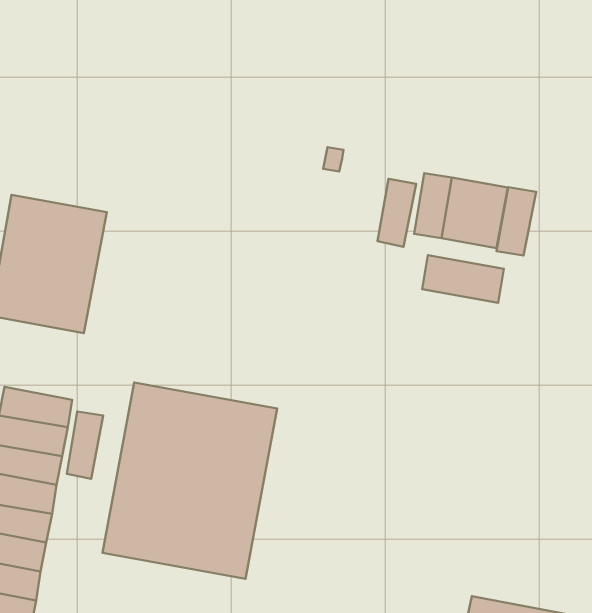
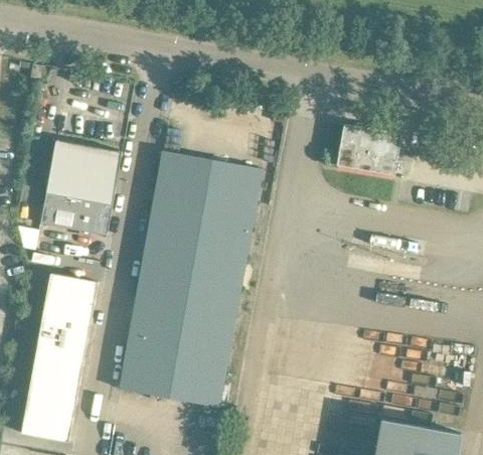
building: [377,179,416,247] -> none
building: [497,187,536,256] -> none
building: none -> [141,151,262,288]
building: [422,255,504,303] -> none
building: [67,411,103,479] -> none

